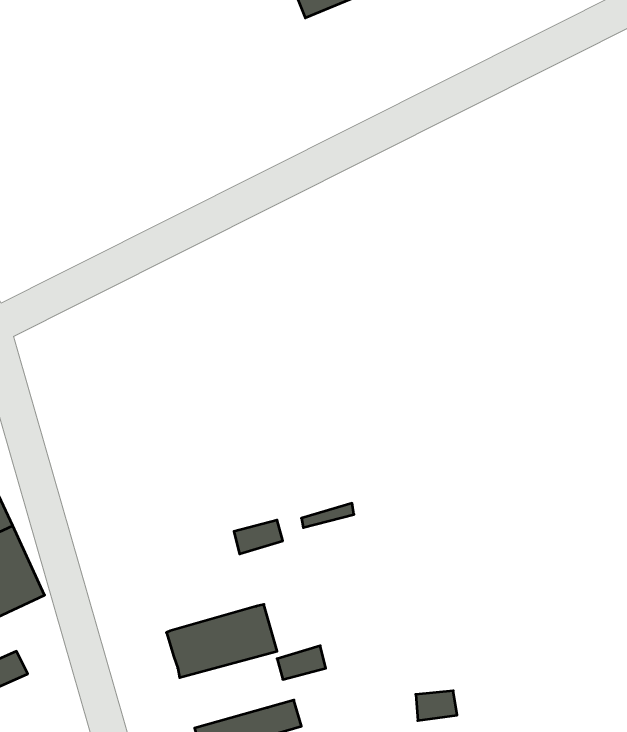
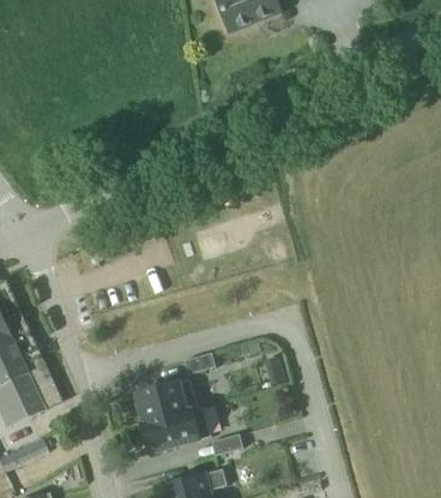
building: none -> [133,378,197,424]

